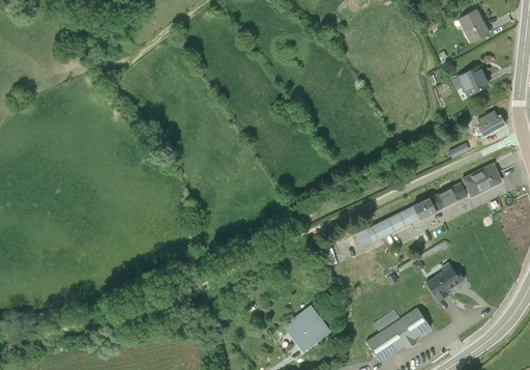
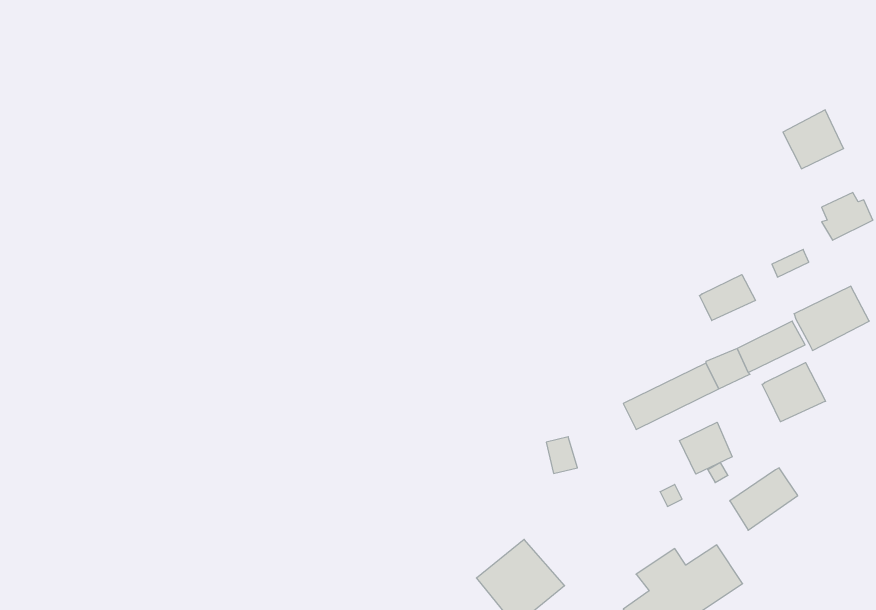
building: [457,7,490,42] -> none
building: none -> [699,275,755,321]
building: none -> [762,363,826,422]
building: none -> [680,422,732,474]

